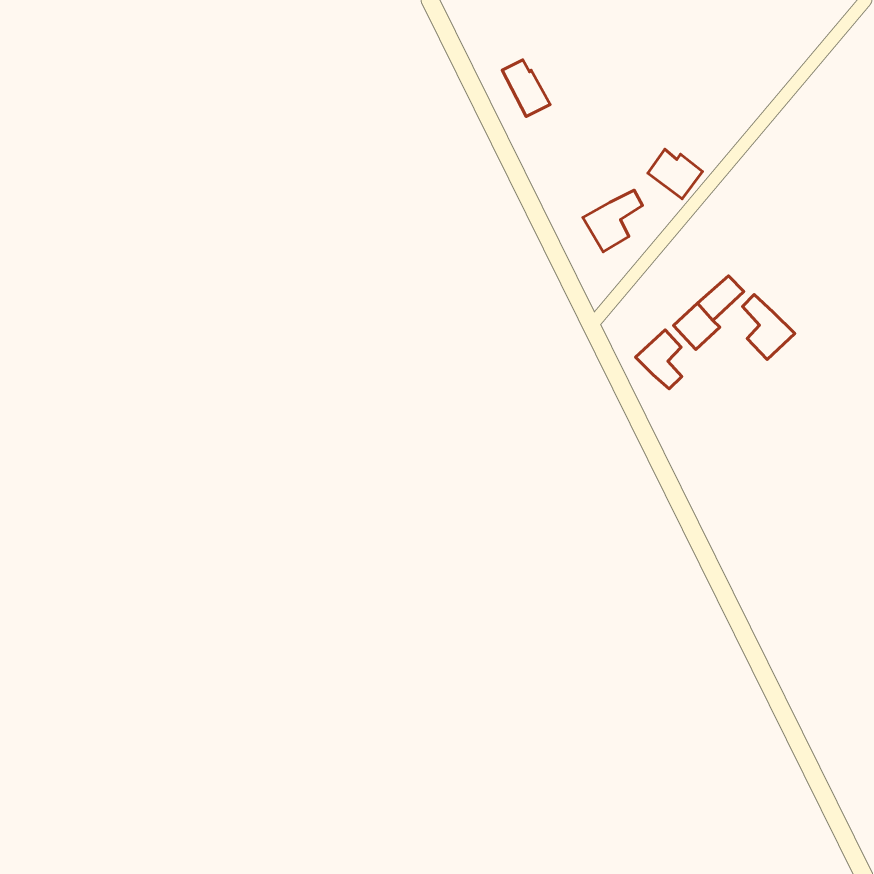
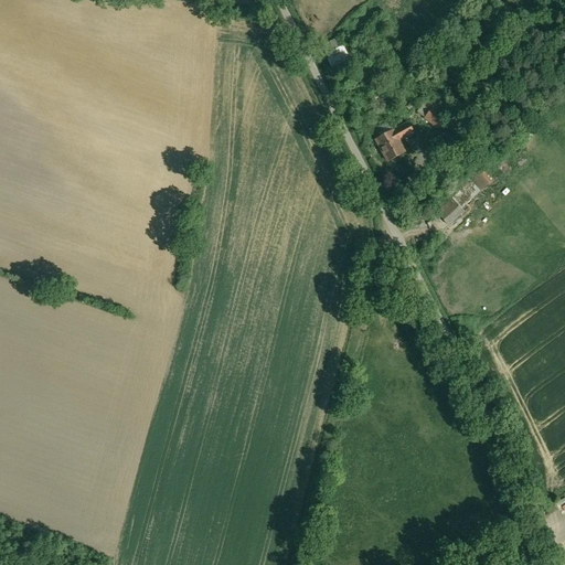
building: [742,295,795,360] -> none
building: [636,330,682,389] -> none

